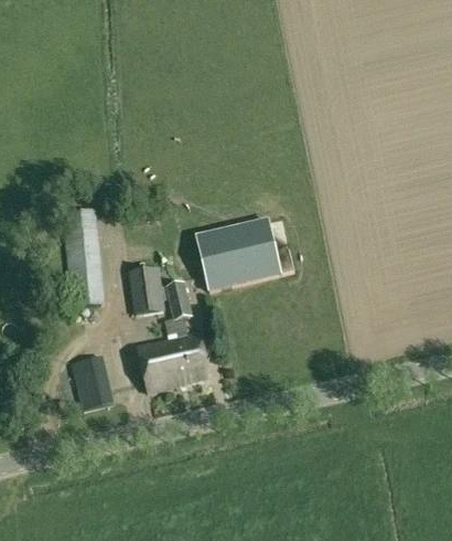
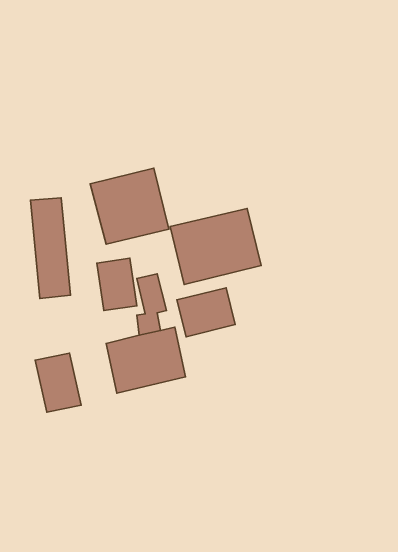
building: none -> [90,168,169,244]
building: none -> [177,288,235,337]

